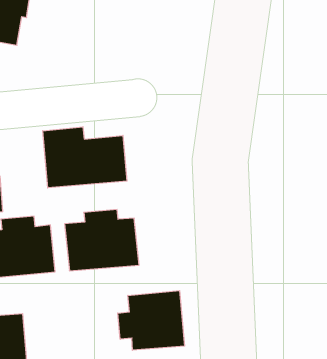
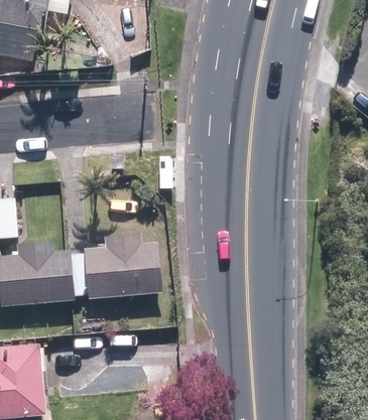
building: [43,127,127,188] -> none
building: [118,291,184,350] -> none

